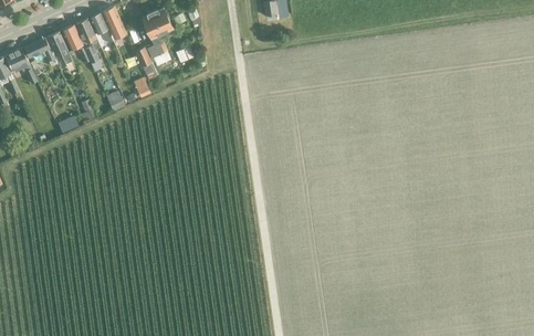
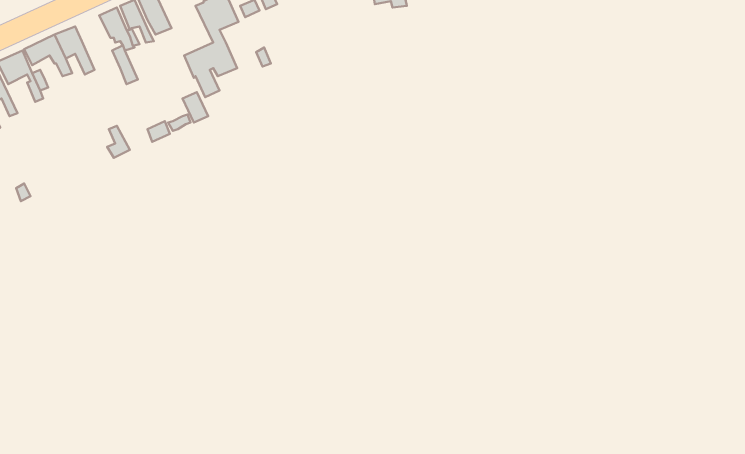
building: [59,24,90,63] -> none

